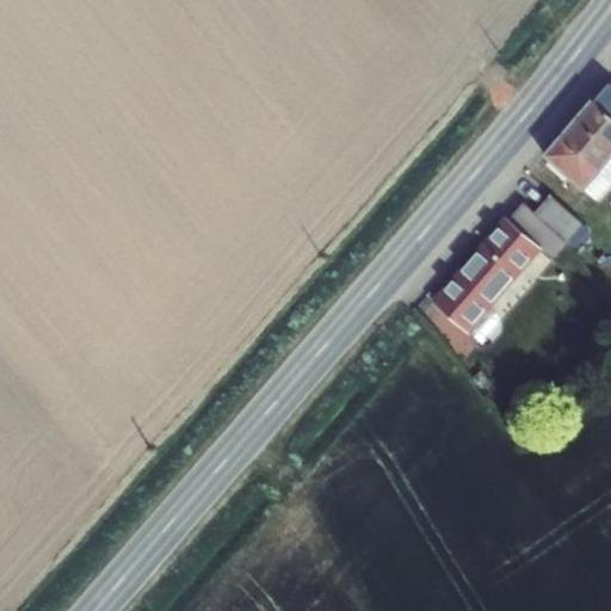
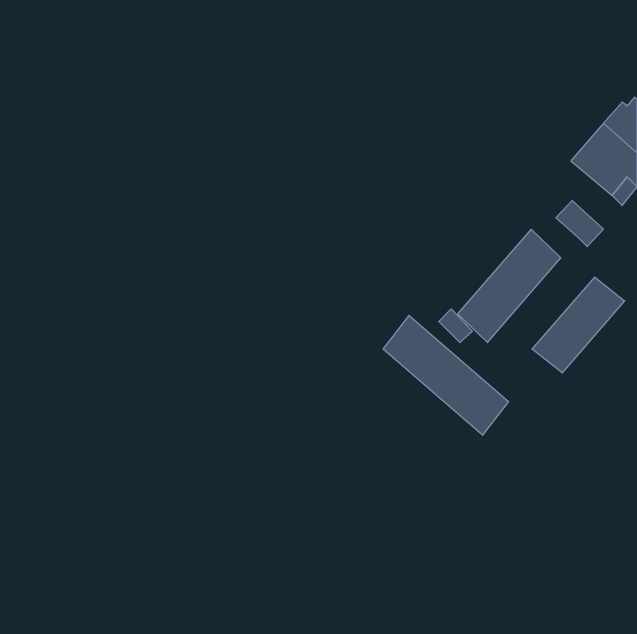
building: none -> [532,277,625,373]
building: none -> [383,315,509,435]

